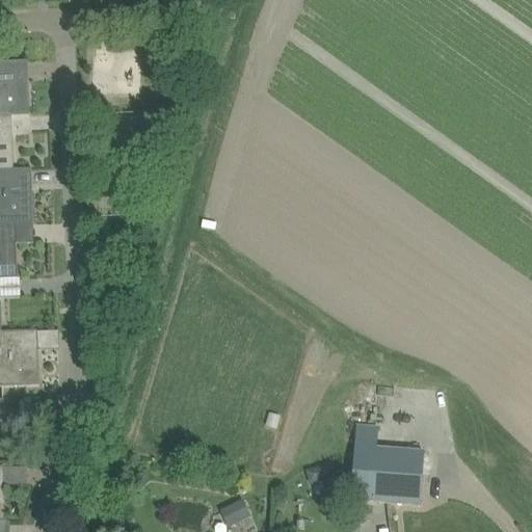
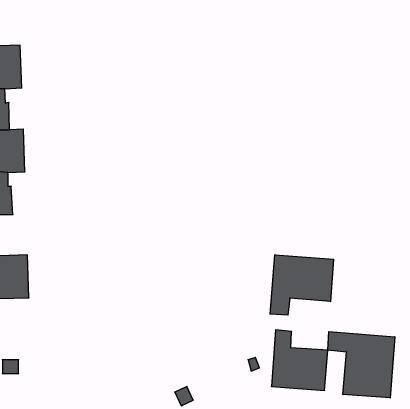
building: none -> [270,255,333,315]
building: none -> [328,332,395,398]

